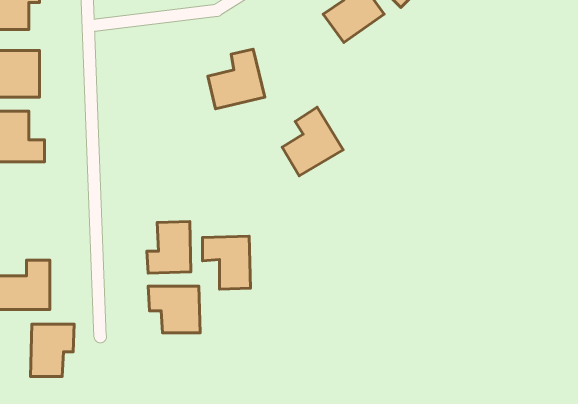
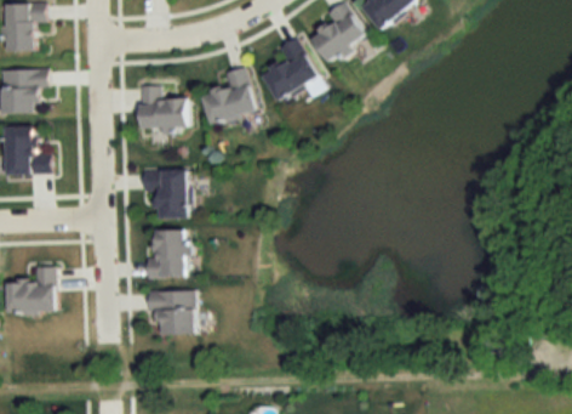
building: none -> [139,86,187,130]
building: [282,107,343,176] -> [262,36,319,101]
building: [203,236,251,289] -> [142,170,187,220]
building: [31,324,74,377] -> none

